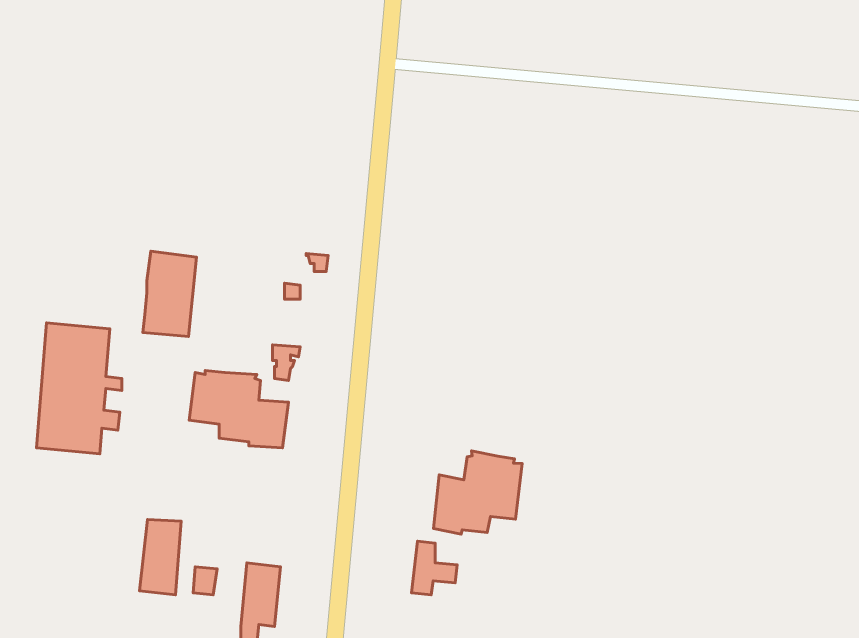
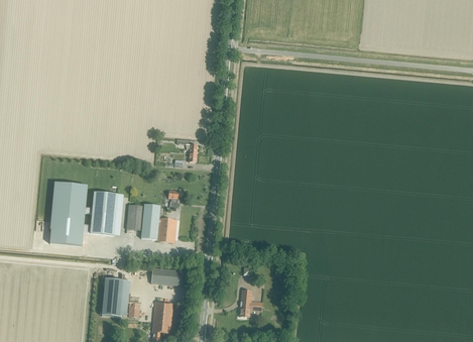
building: [143,251,196,336] -> [91,192,118,235]
building: [433,451,522,534] -> none
building: none -> [151,267,183,286]

